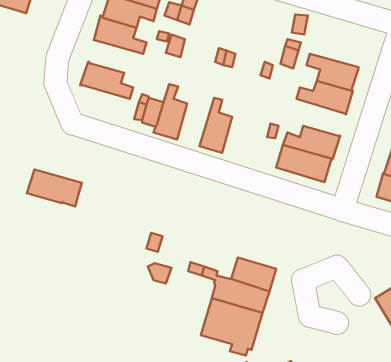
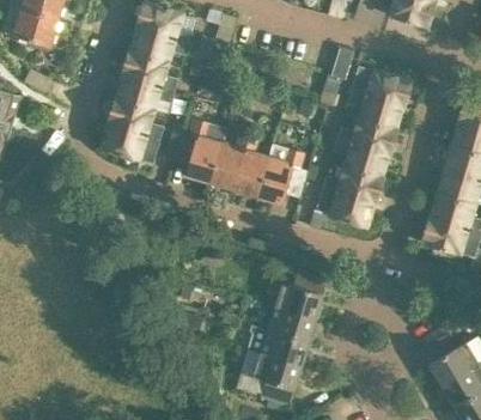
building: none -> [351,69,410,106]
building: none -> [115,75,173,114]
building: none -> [209,134,249,188]
building: none -> [333,138,388,177]
building: none -> [257,148,297,202]
building: [27,169,82,207] -> [101,123,159,163]
building: none -> [274,270,327,318]

